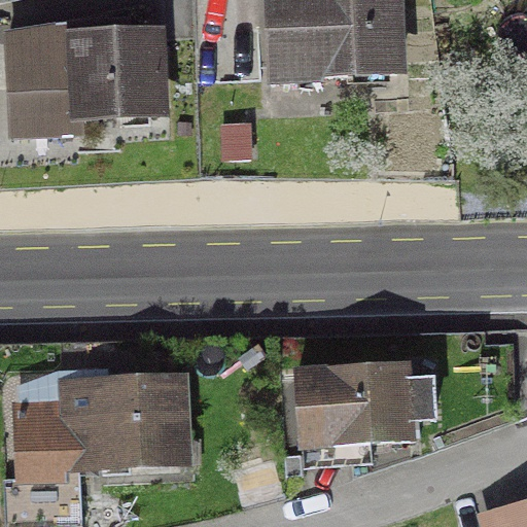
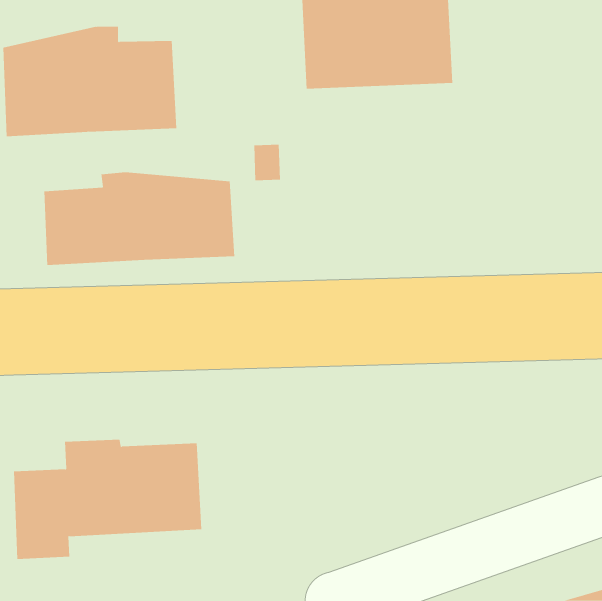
building: none -> [44,172,235,266]
building: [297,365,434,448] -> none

